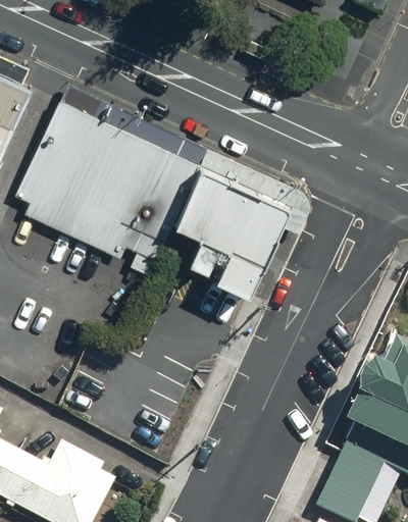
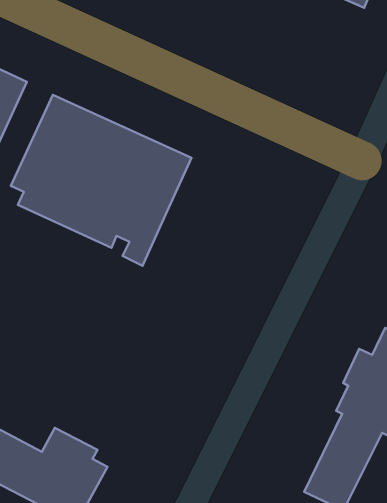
building: [173,164,286,292] -> none

